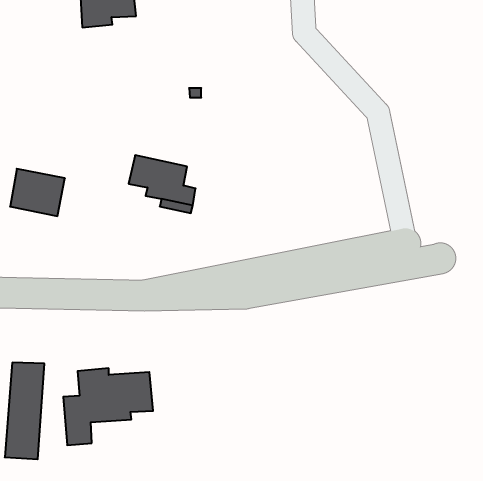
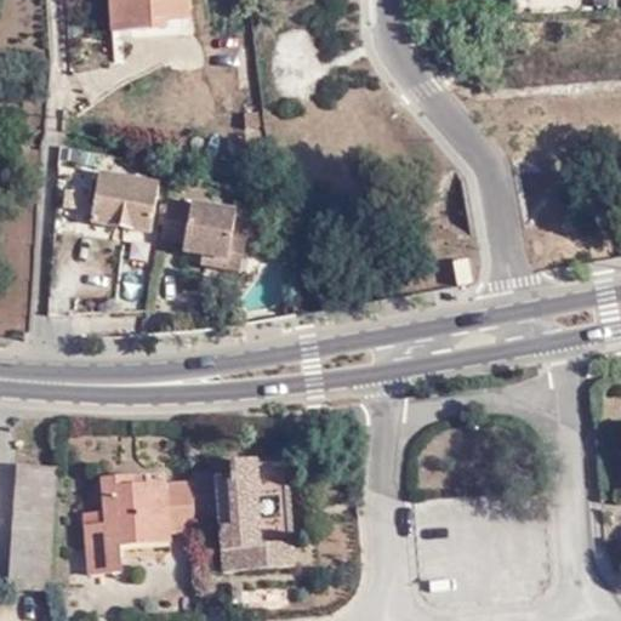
building: [10,169,65,216] -> [95,172,165,233]
building: none -> [194,455,291,569]

